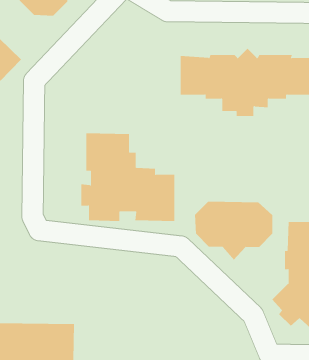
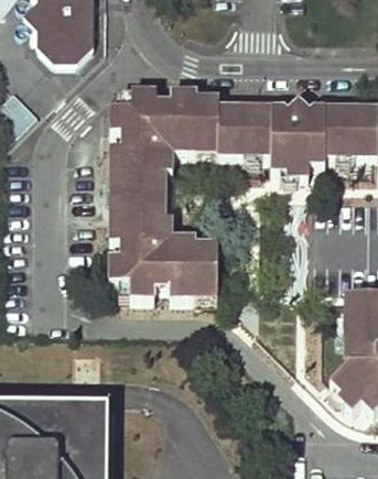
building: none -> [108,85,220,194]
building: [195,201,273,260] -> none

